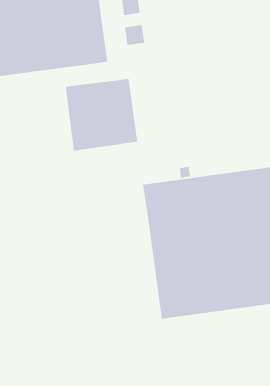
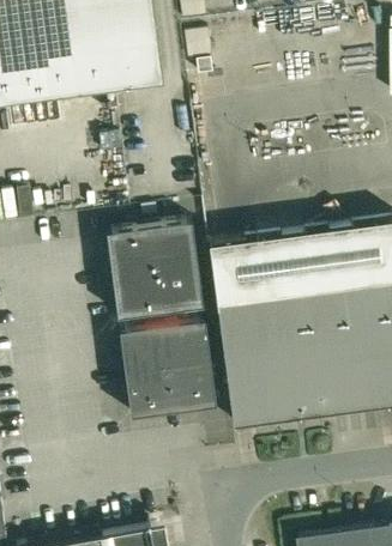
building: [65,78,138,151] -> [105,220,203,317]
building: none -> [119,318,216,415]

